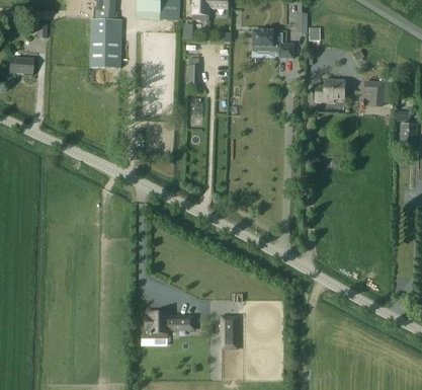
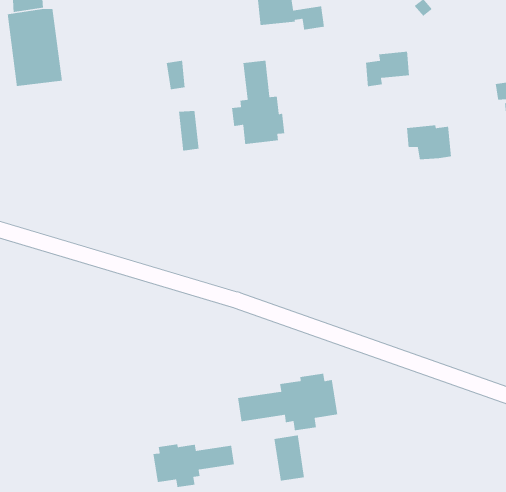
building: none -> [231,60,285,145]
building: [364,80,393,103] -> [406,124,452,160]
building: none -> [237,373,338,431]

